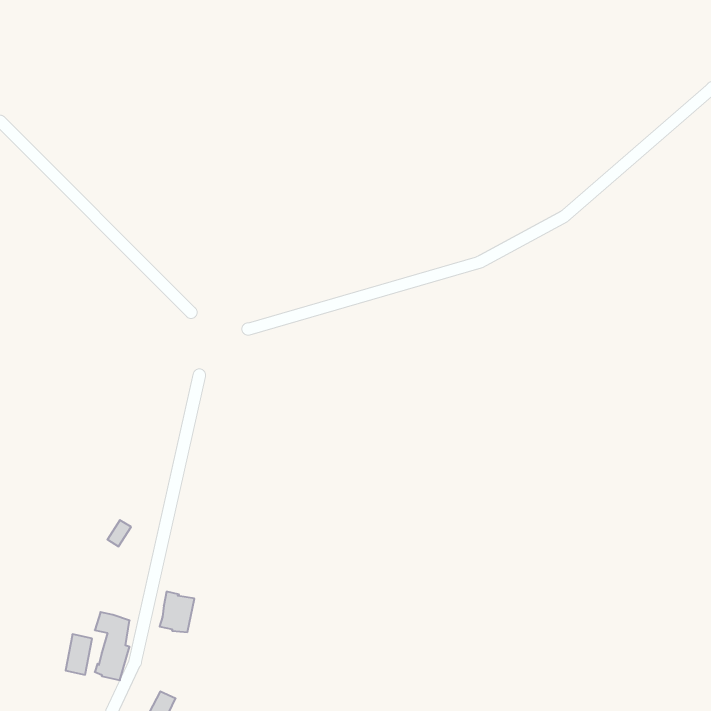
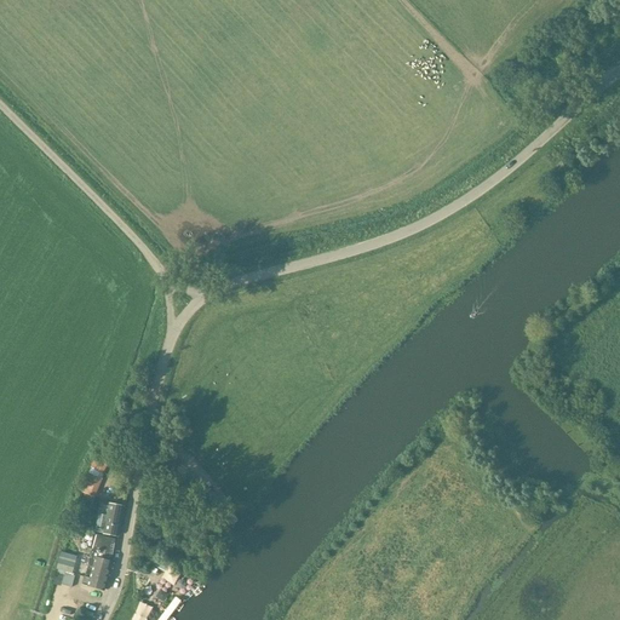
building: [160,592,194,632] -> [96,503,126,538]

